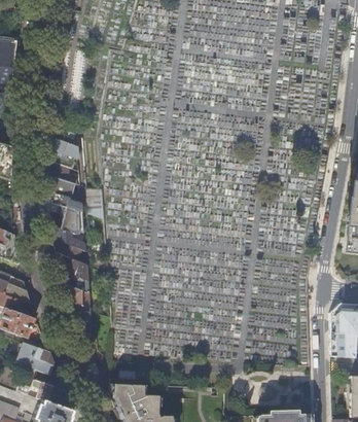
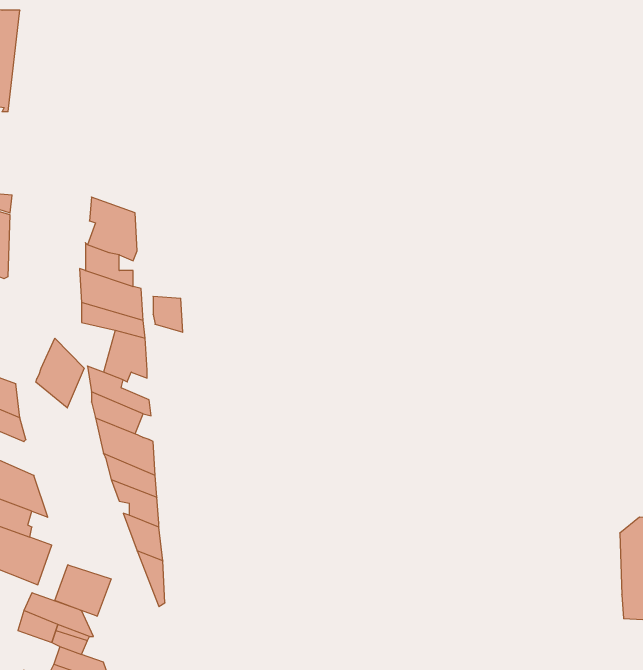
building: none -> [36,338,84,408]
building: none -> [55,565,111,616]

